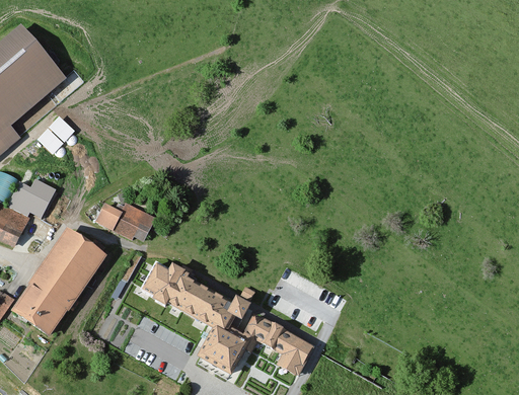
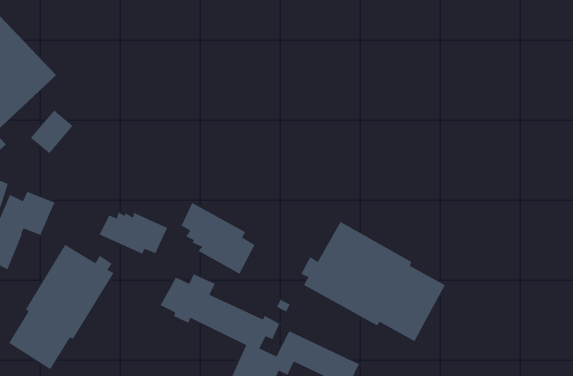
building: none -> [181,202,255,275]
building: none -> [300,221,446,342]

